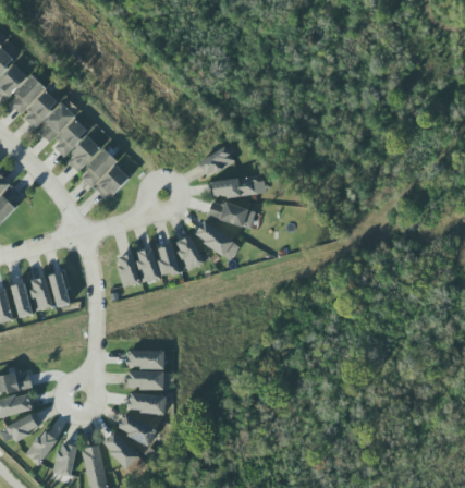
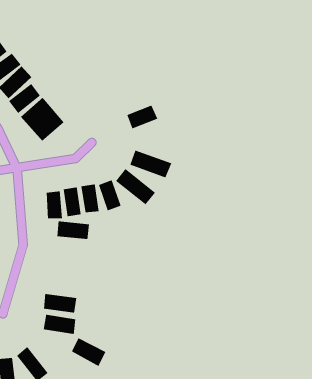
building: [210,176,258,197] -> none
building: [127,351,163,368] -> [56,221,90,240]
building: [117,414,156,444] -> [71,338,106,367]

